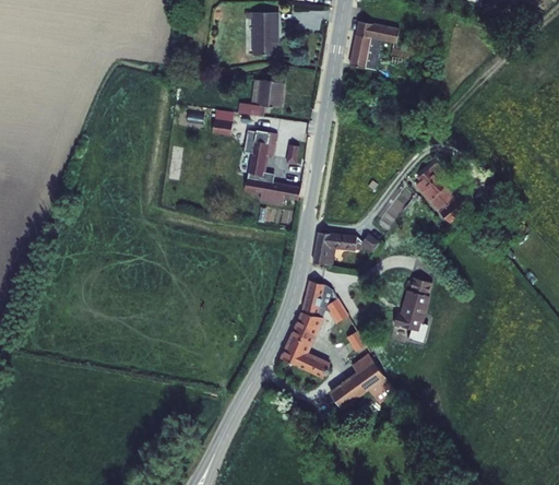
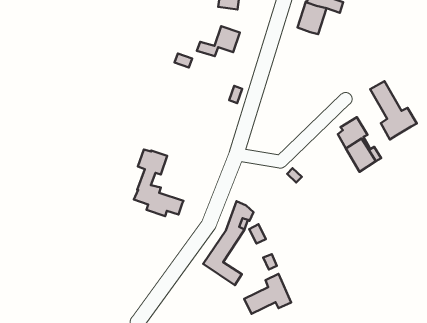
building: none -> [370,81,417,140]
building: [242,131,301,205] -> [134,150,183,216]
building: [313,232,357,263] -> none
building: [391,274,427,331] -> none

